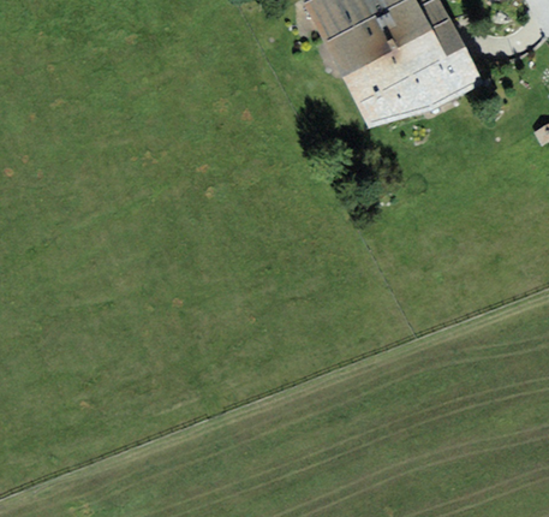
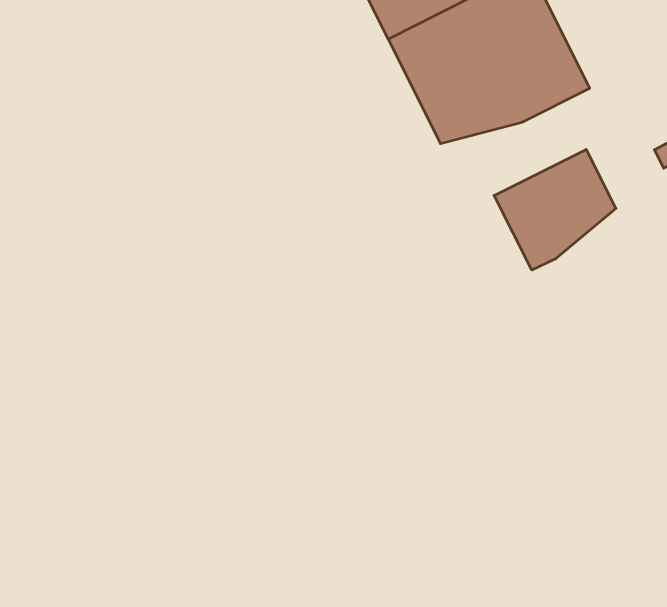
building: none -> [494,149,616,270]

